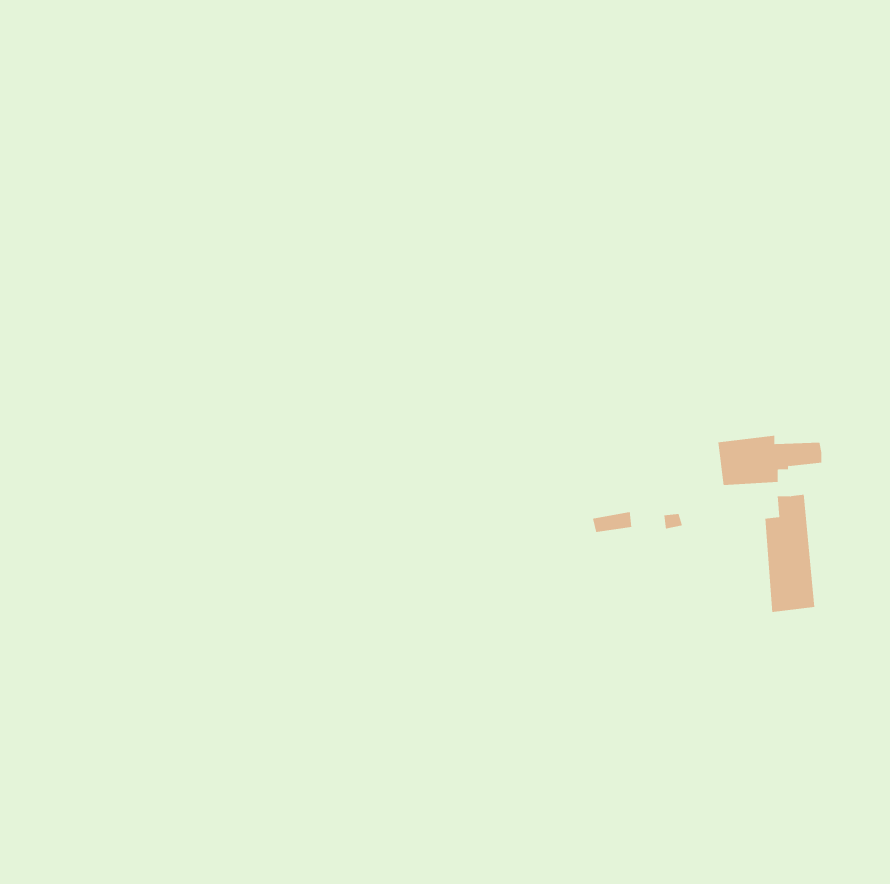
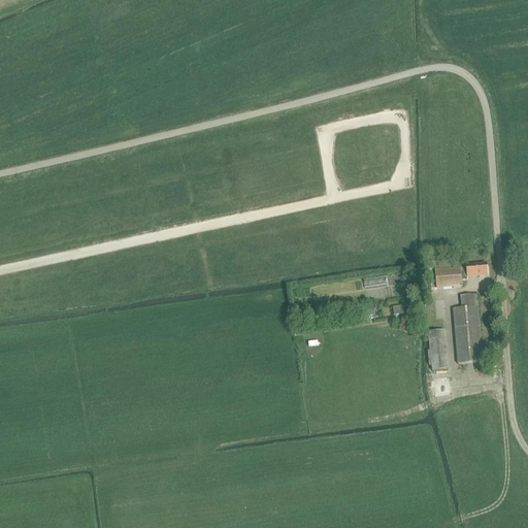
building: none -> [428,329,448,369]

